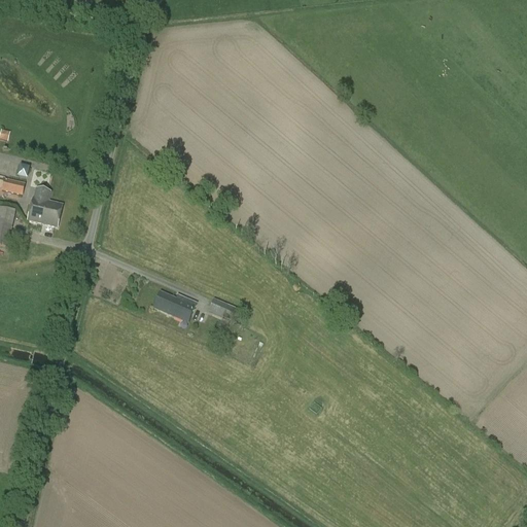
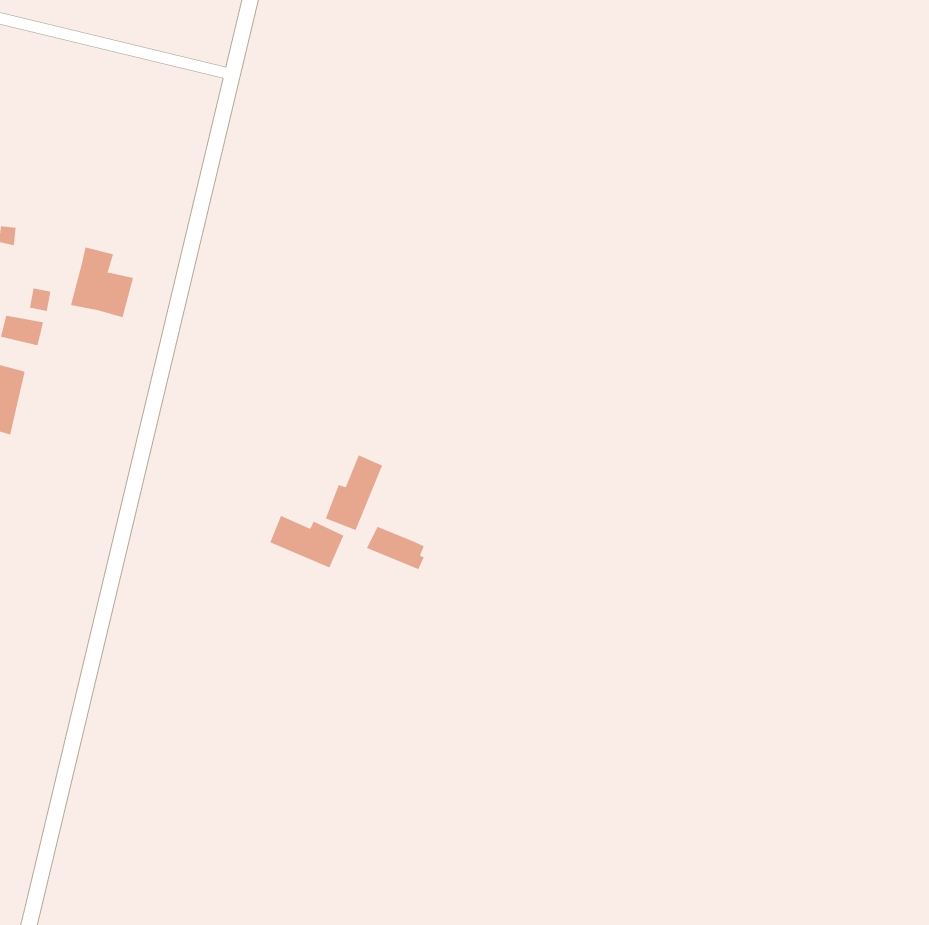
building: [26,186,62,226] -> [70,247,134,318]
building: none -> [325,454,383,531]

